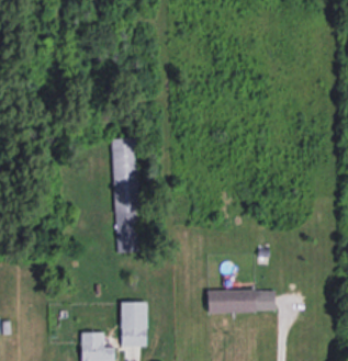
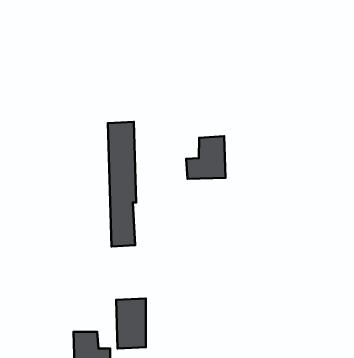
building: none -> [186,136,225,179]
building: [206,290,277,313] -> none

